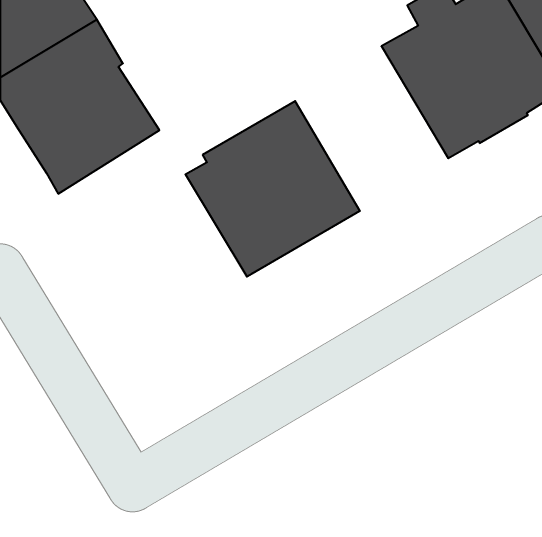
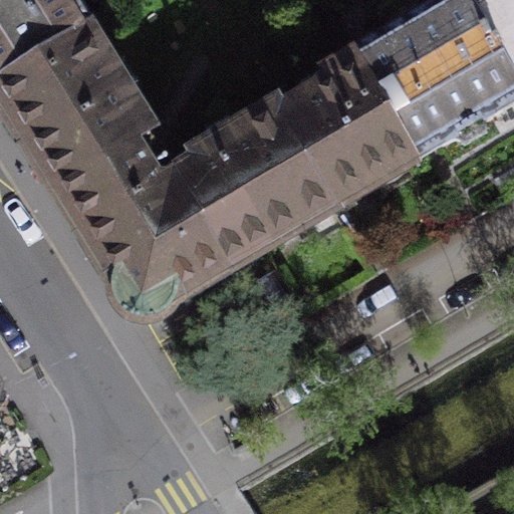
building: none -> [283,43,426,197]
building: none -> [62,121,238,307]

